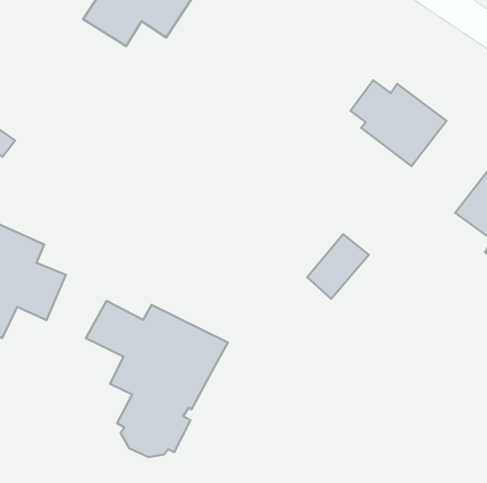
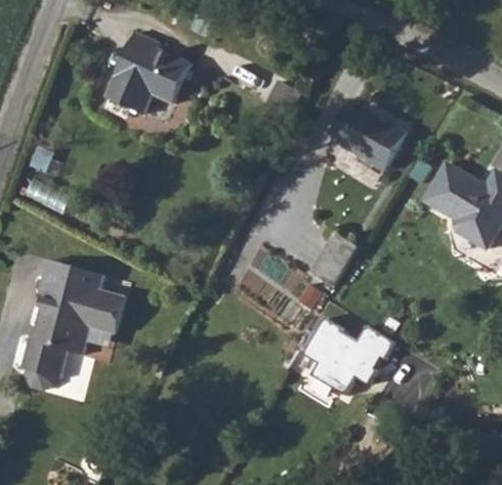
building: [86,301,228,457] -> none
building: none -> [299,323,391,401]

